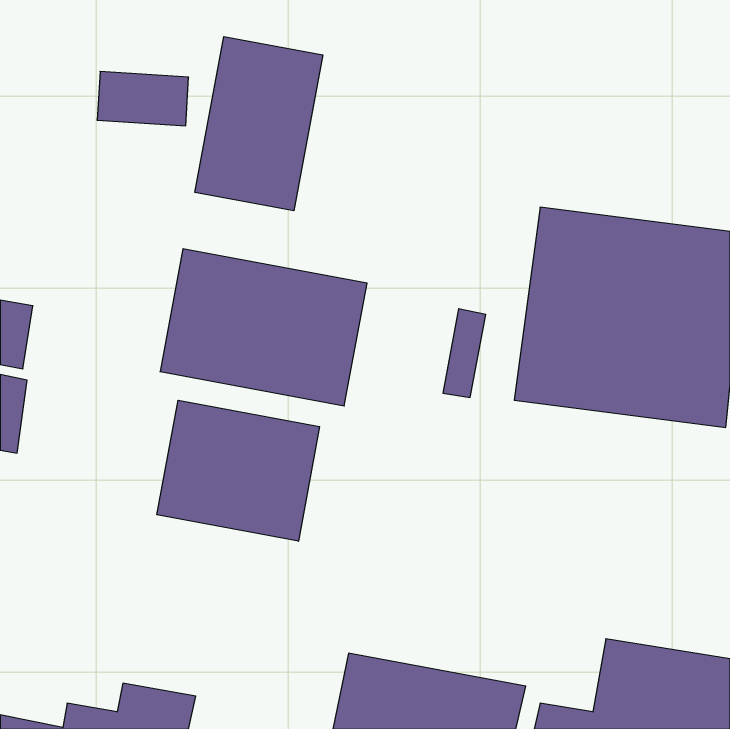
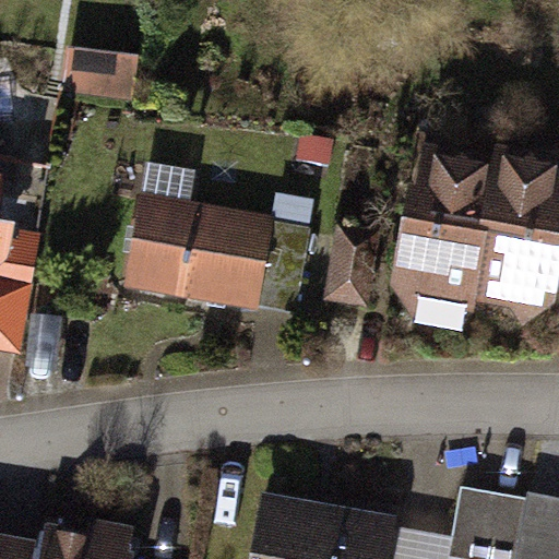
building: [195,37,323,211] -> none
building: [157,400,320,541] -> none

